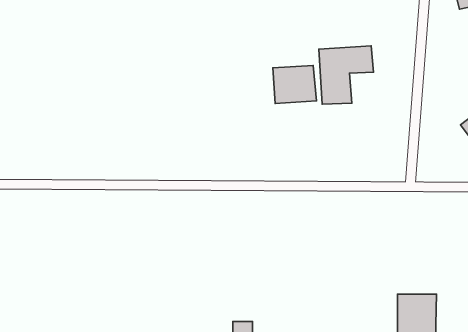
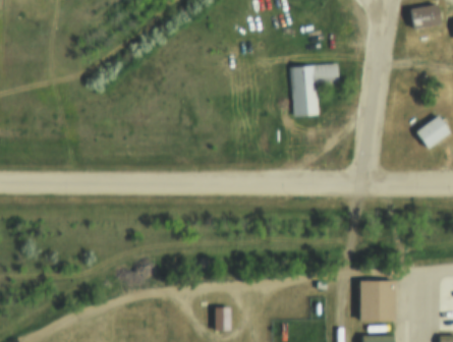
building: [273,65,317,103] -> none

